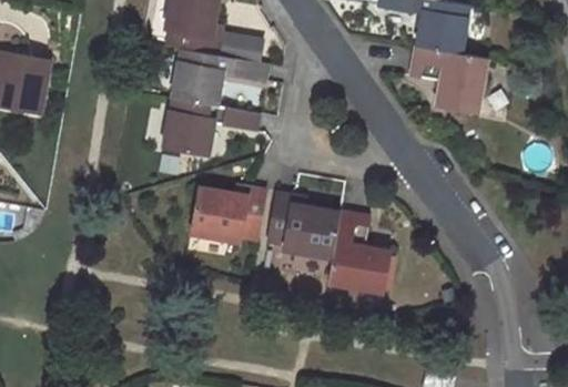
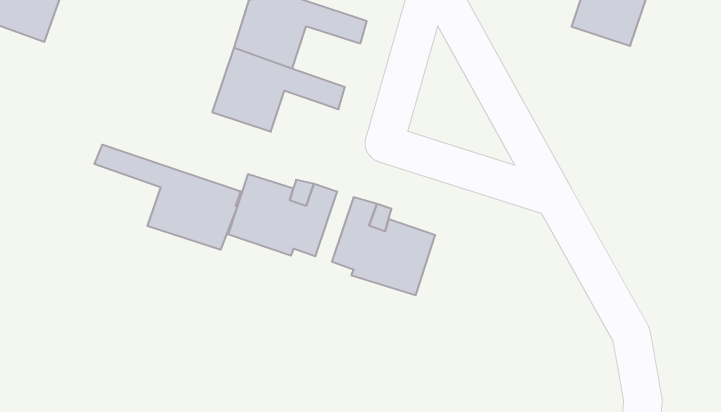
building: [410,47,486,113] -> none
building: none -> [94,145,241,250]
building: [327,212,388,291] -> none

